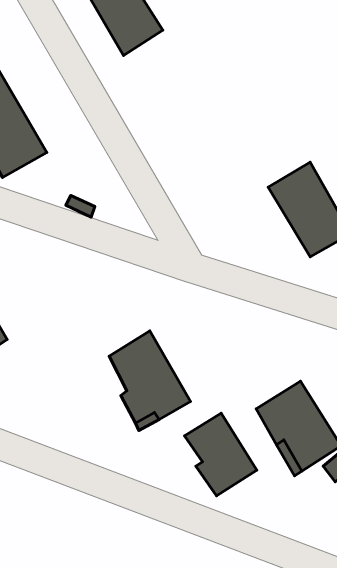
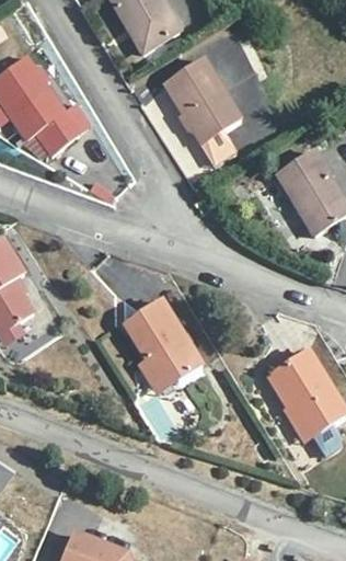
building: none -> [163,61,242,146]
building: [185,413,257,496] -> none

